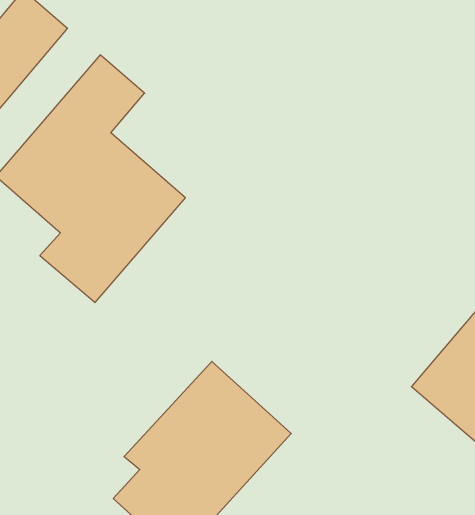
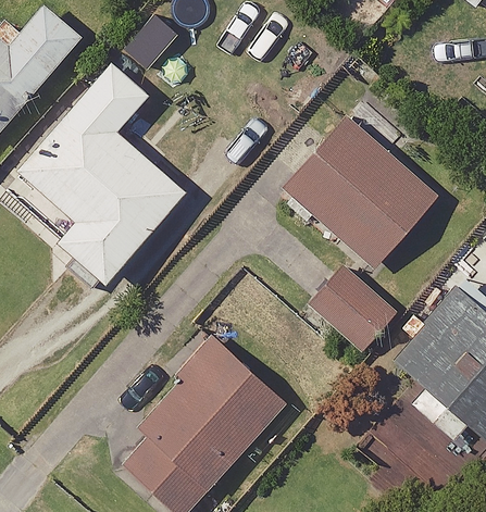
building: none -> [283,114,439,270]
building: none -> [308,265,398,353]

